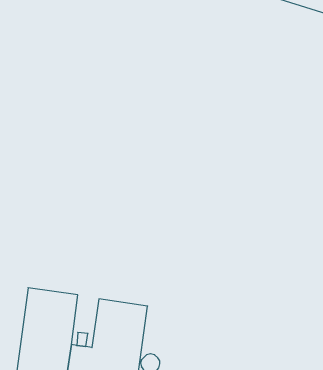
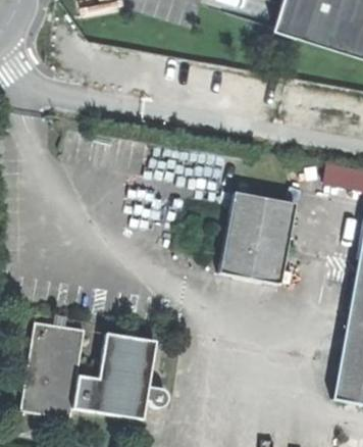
building: none -> [219,193,297,285]

